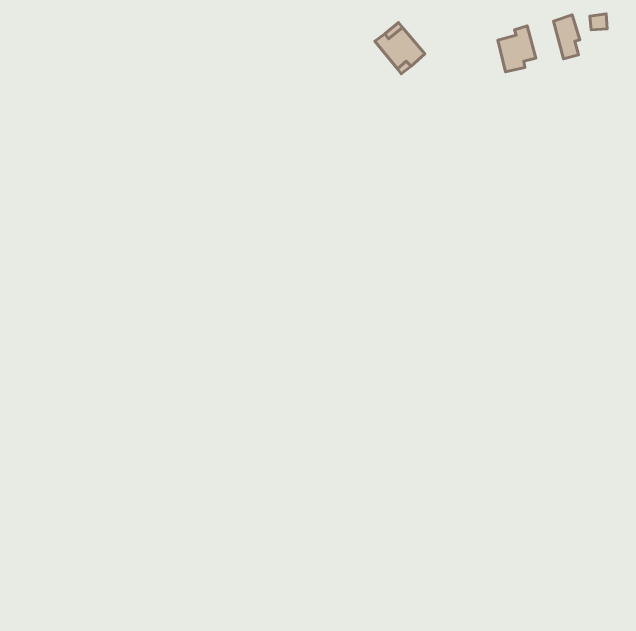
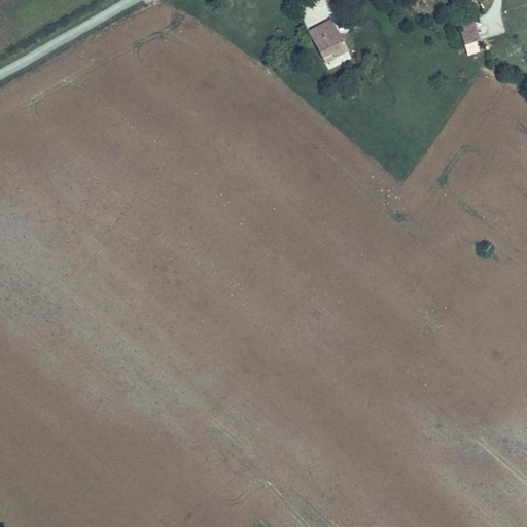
building: [498,26,536,72] -> none

